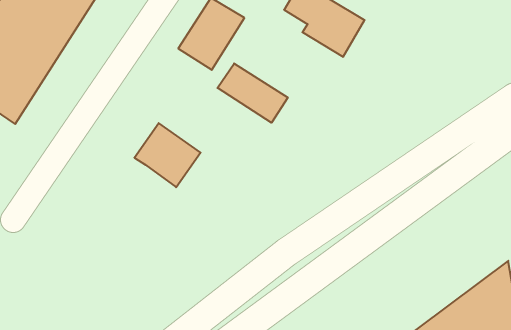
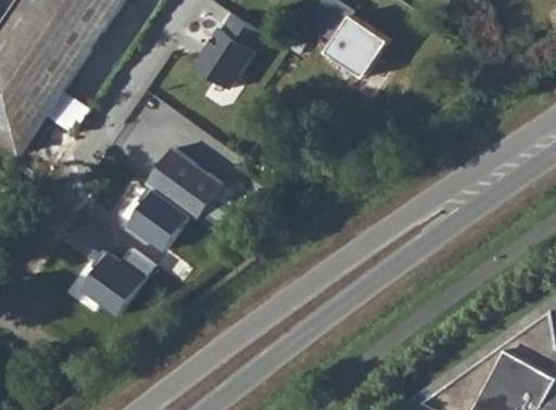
building: [217,63,288,123] -> none
building: none -> [129,196,190,255]
building: none -> [86,253,155,318]

